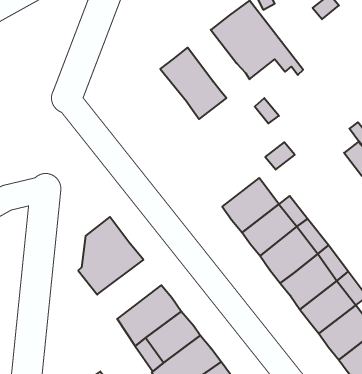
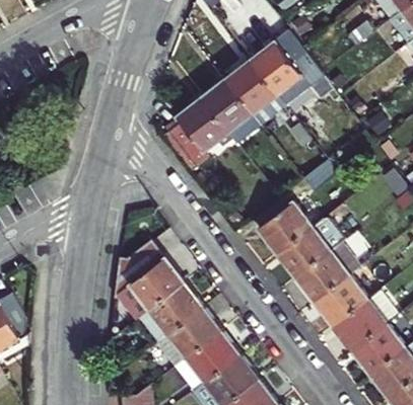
building: none -> [223,55,283,120]
building: none -> [164,92,226,171]
building: none -> [134,276,198,335]

